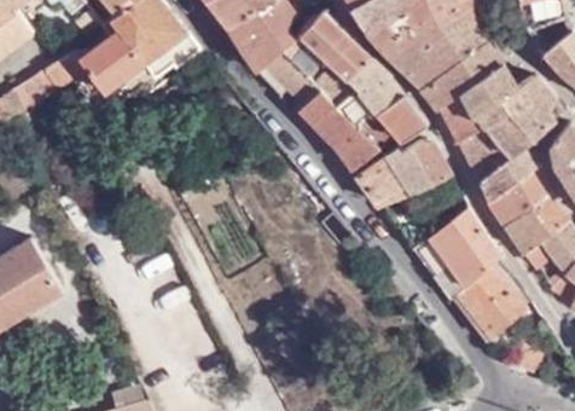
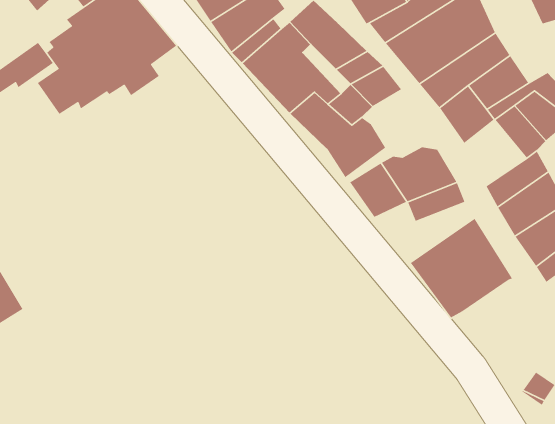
building: [376,89,426,141] -> none
building: [459,117,516,178] -> none
building: [453,264,533,336] -> none

